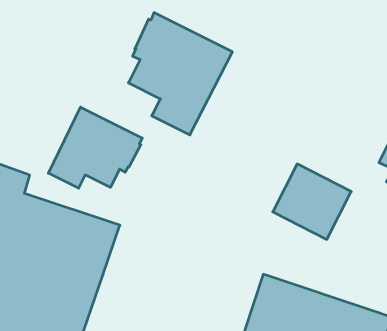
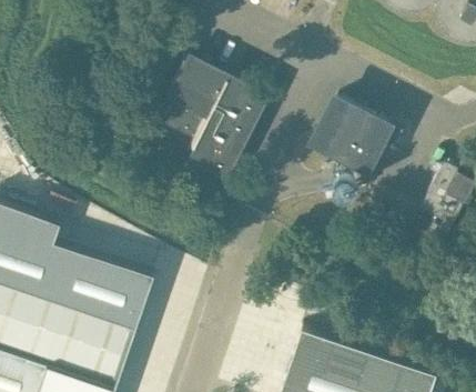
building: [48,107,142,188] -> none
building: [273,164,351,239] -> [313,90,395,169]

